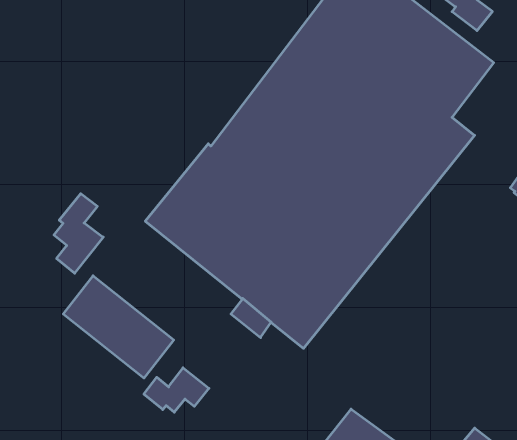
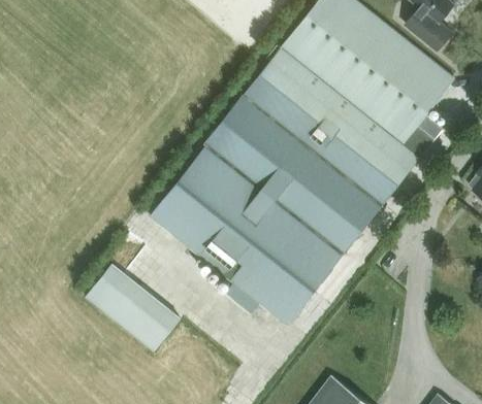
building: [54,194,103,273] -> none
building: [144,368,209,412] -> none

